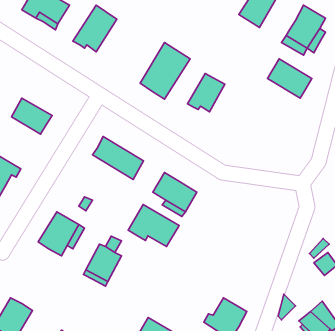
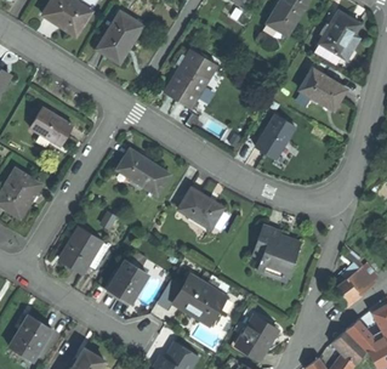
building: [188,74,225,112] -> [255,118,294,158]
building: [128,205,179,246] -> [172,278,226,322]
building: none -> [254,228,300,282]

